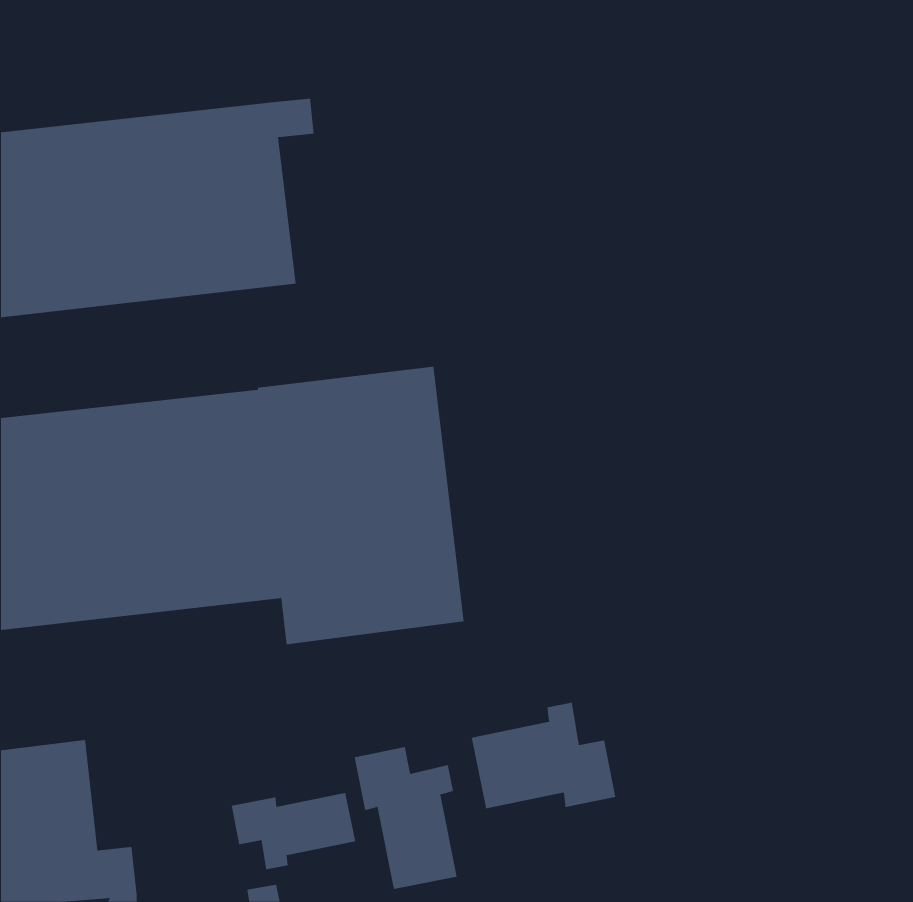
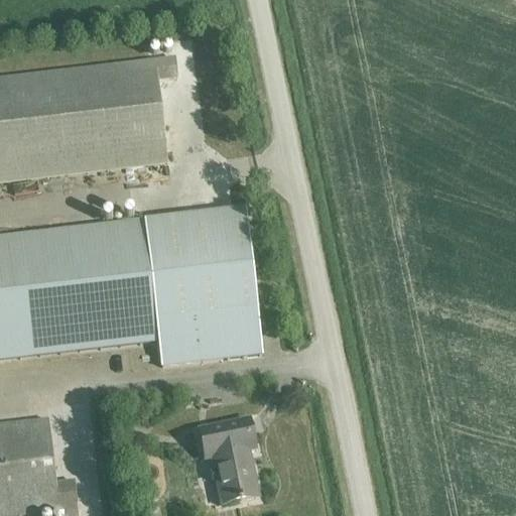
building: [471,702,616,809] -> none
building: [231,792,356,870] -> none

